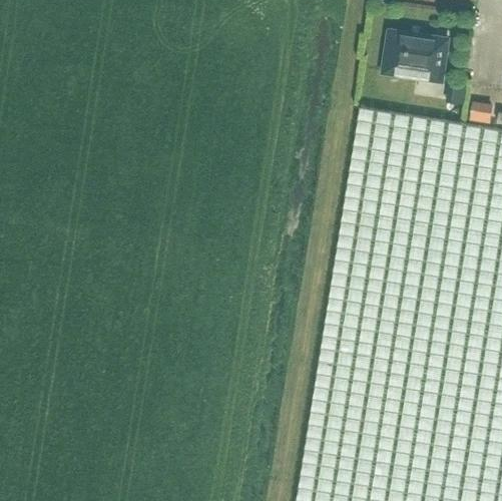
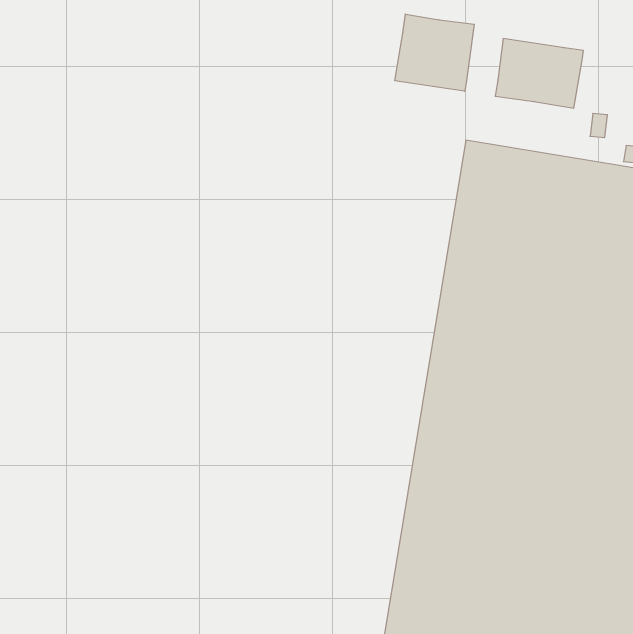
building: none -> [395,14,474,91]

